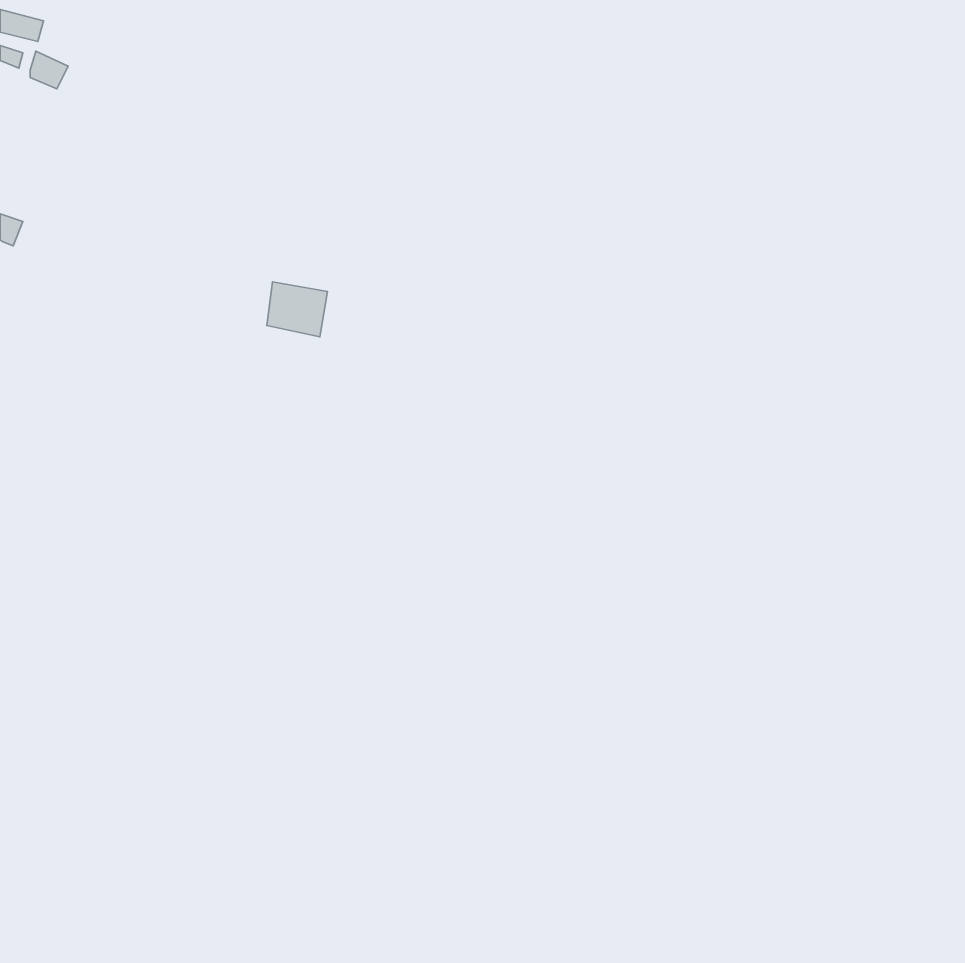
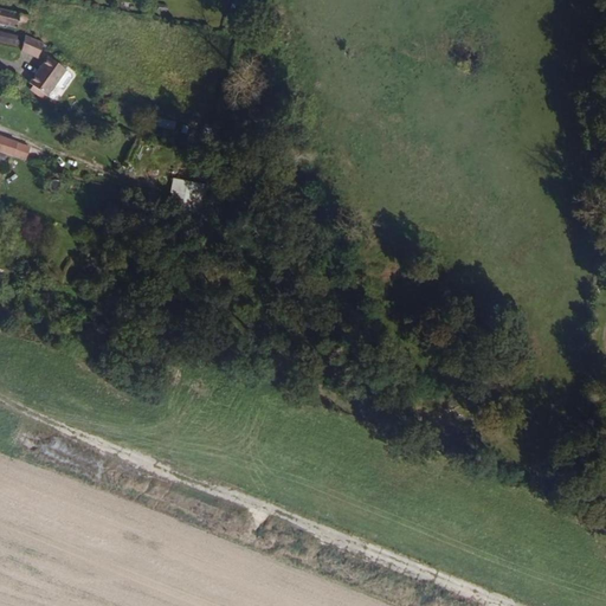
building: none -> [27,54,65,96]

